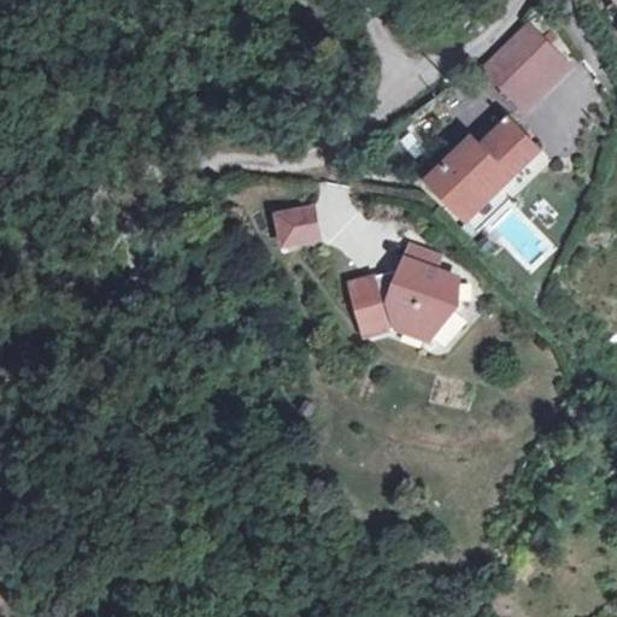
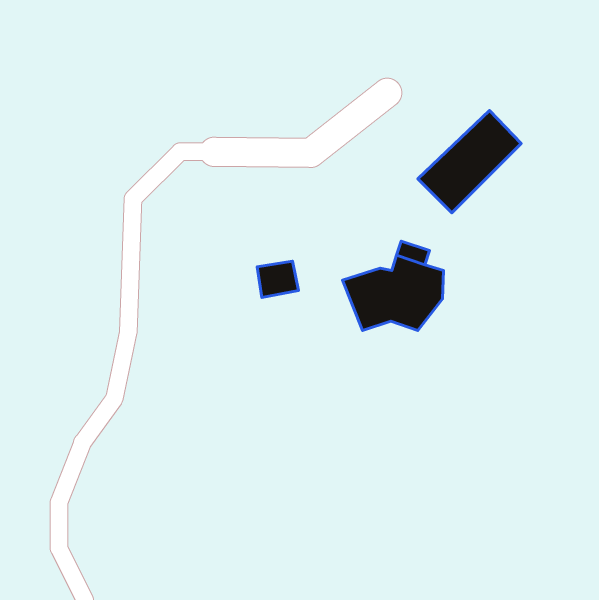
building: [481,25,563,106] -> none
building: [277,206,319,243] -> [257,261,298,298]

